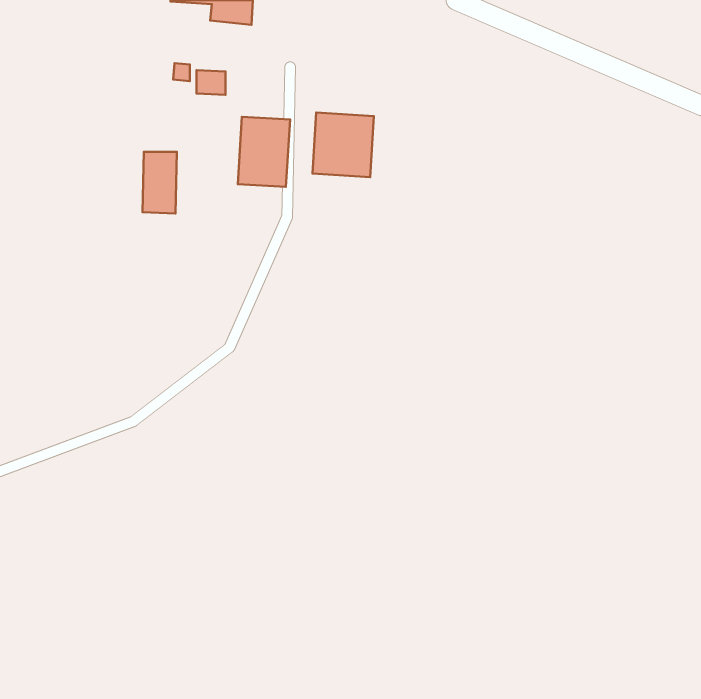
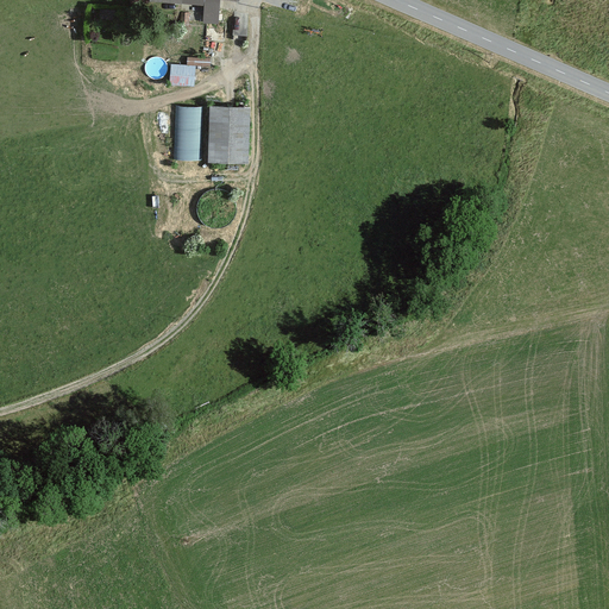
building: [312,113,374,177] -> none
building: [142,152,177,214] -> [171,107,201,161]

